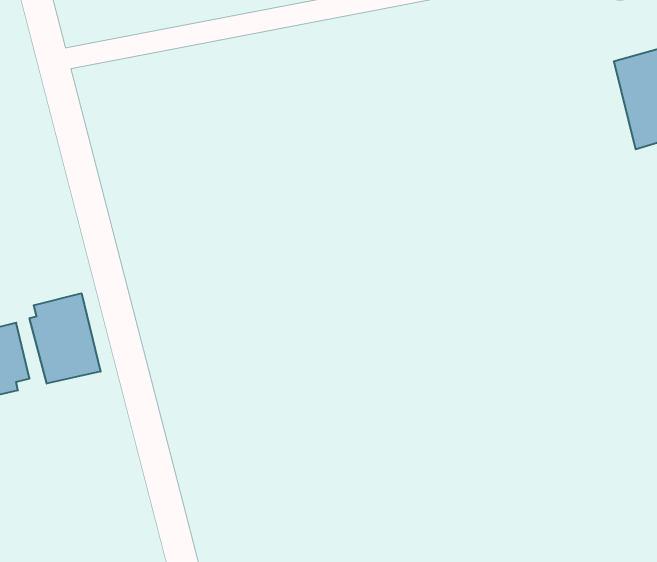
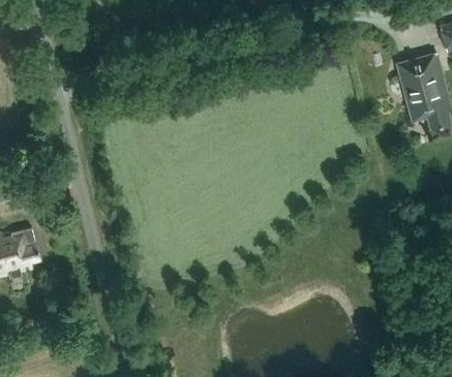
building: [30,293,101,384] -> none

